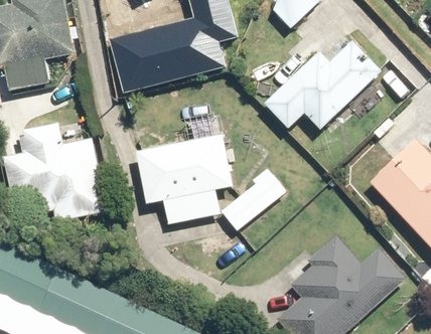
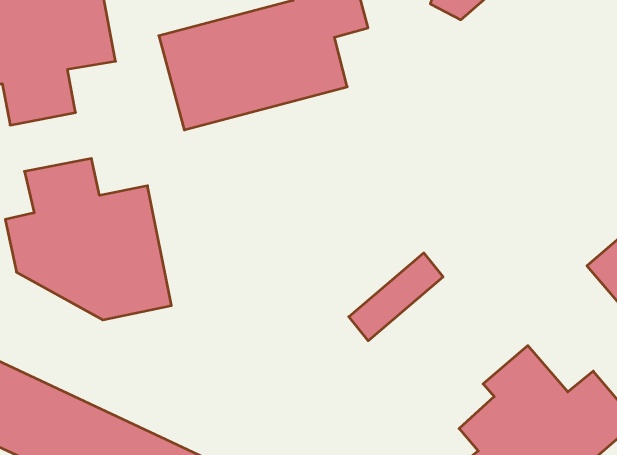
building: [263,43,382,135] -> none
building: [137,110,233,224] -> none

